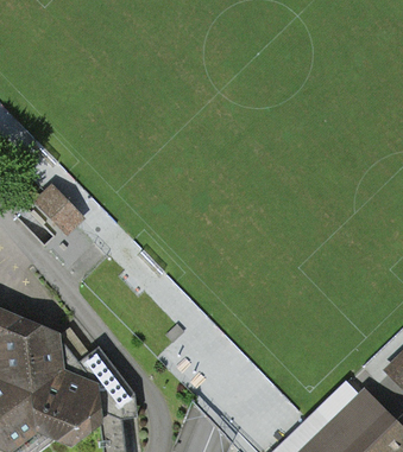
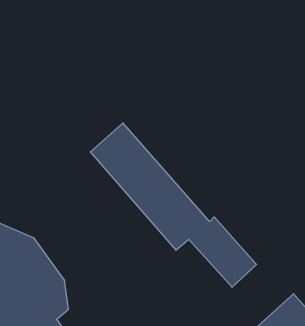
building: none -> [90,123,257,287]

